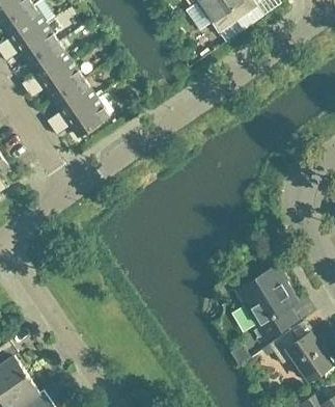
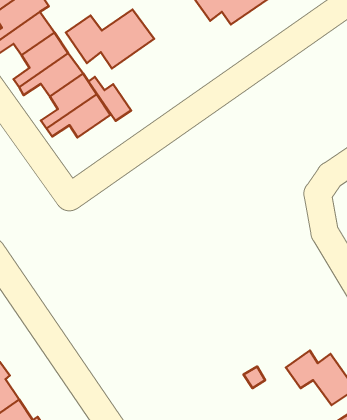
building: none -> [66,10,154,68]
building: none -> [89,77,131,121]
building: [238,267,298,342] -> none

